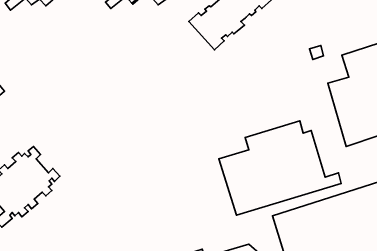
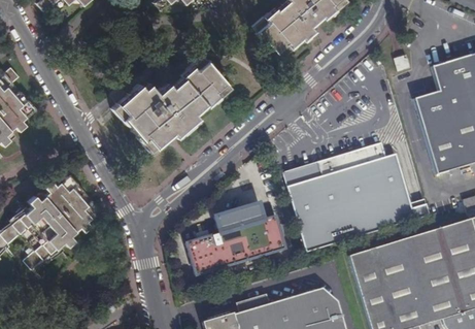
building: none -> [114,54,233,154]
building: none -> [283,163,323,188]
building: none -> [186,204,284,275]

